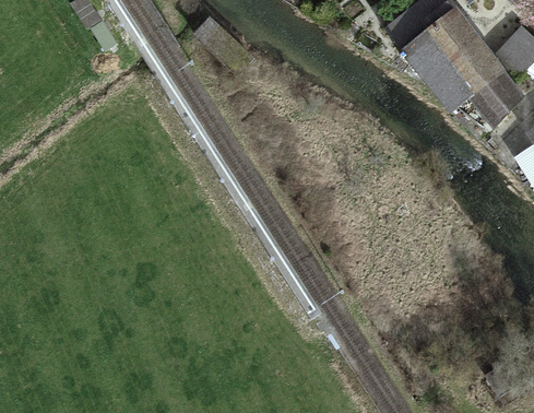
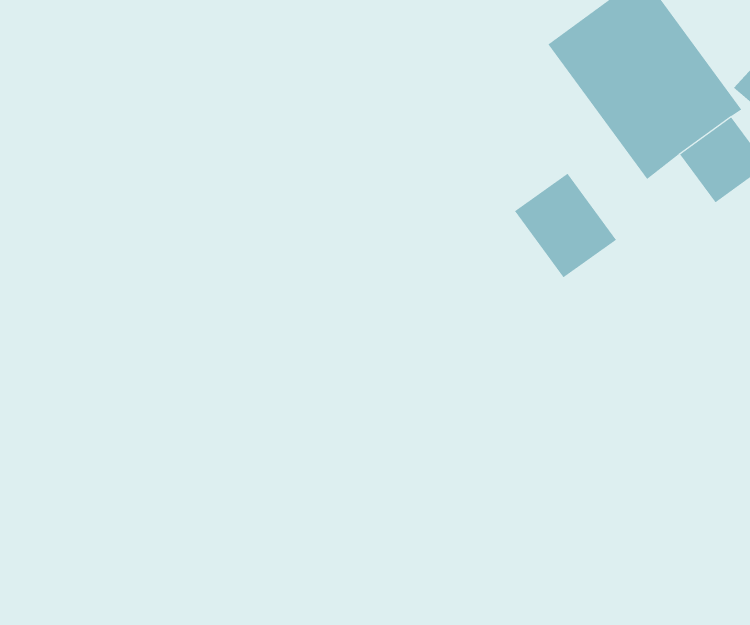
building: none -> [514,173,617,278]

